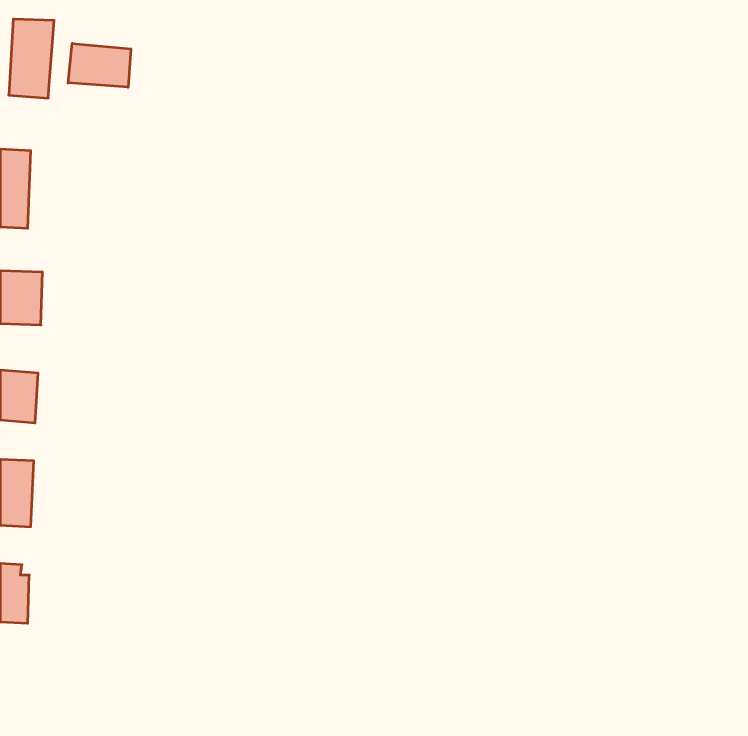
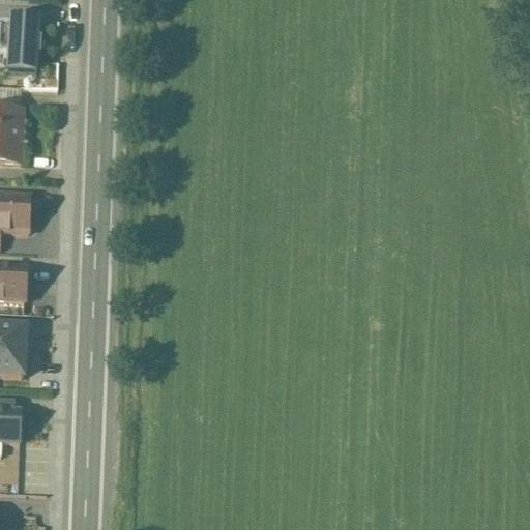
building: [68,43,131,87] -> none

